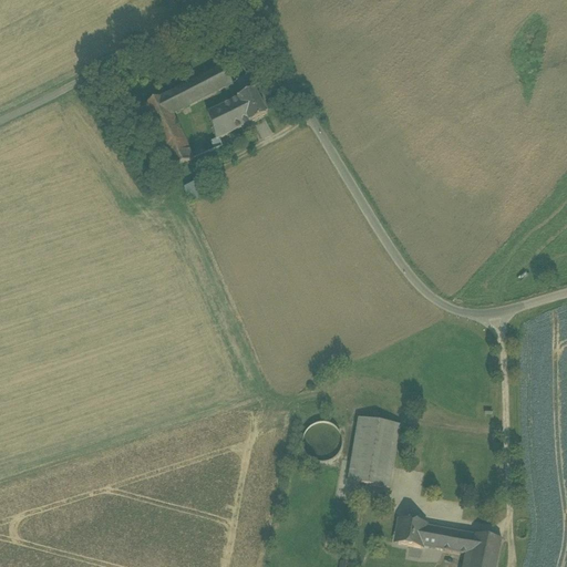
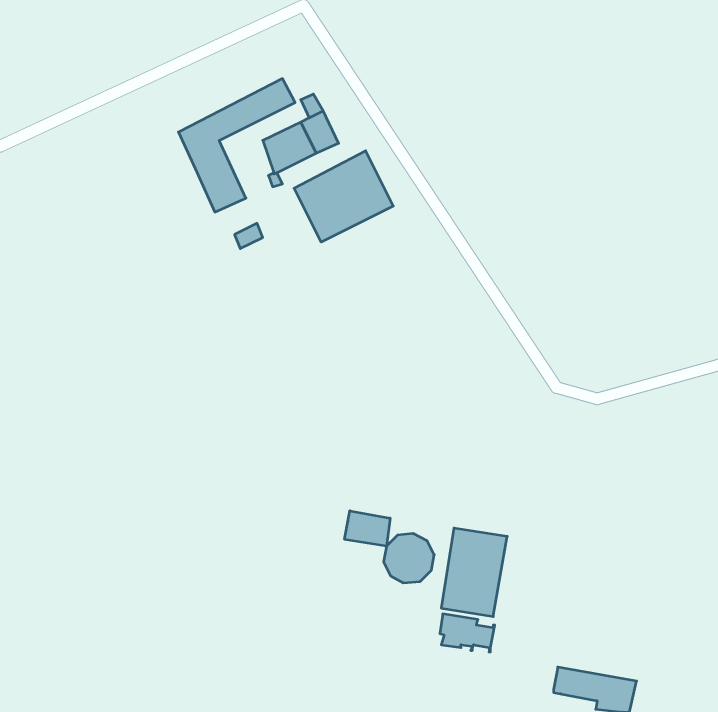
building: none -> [294,151,393,242]
building: none -> [345,511,390,546]
building: [396,517,440,547] -> [440,614,495,652]

